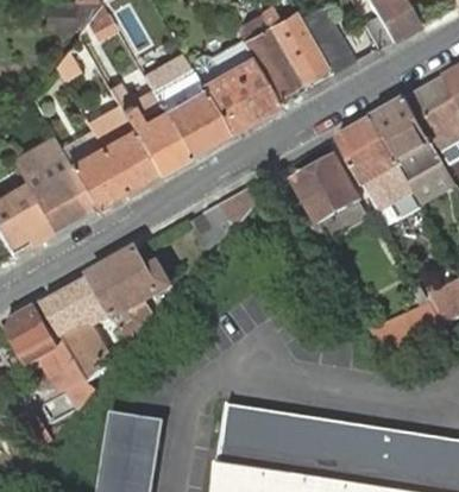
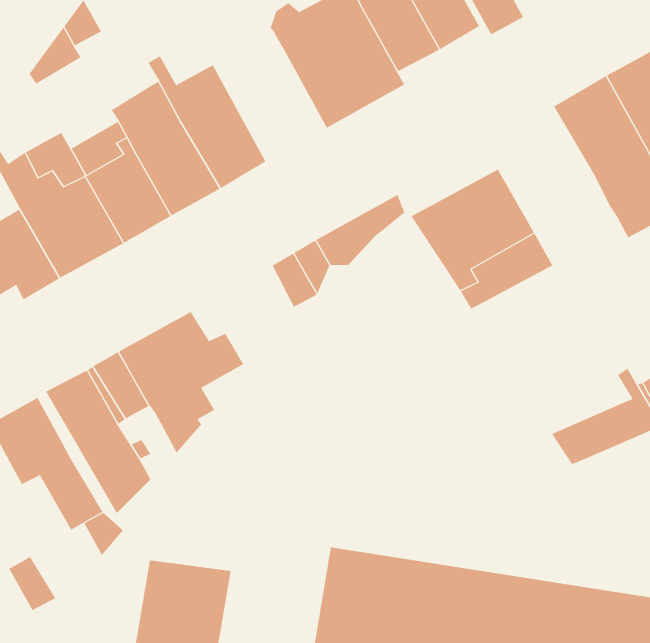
building: [152,69,226,154] -> none
building: [338,119,415,204] -> none

